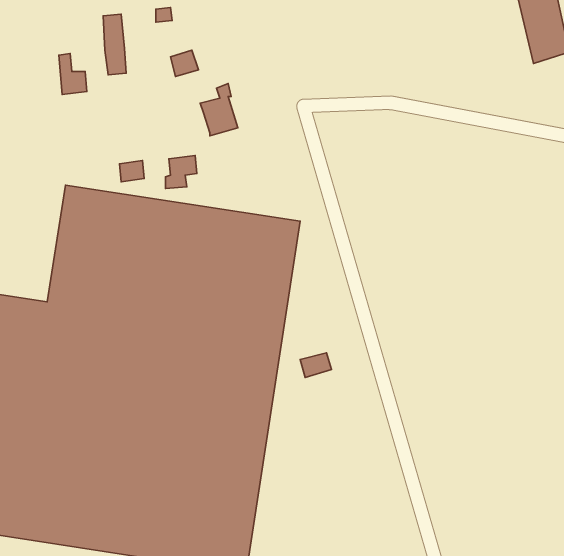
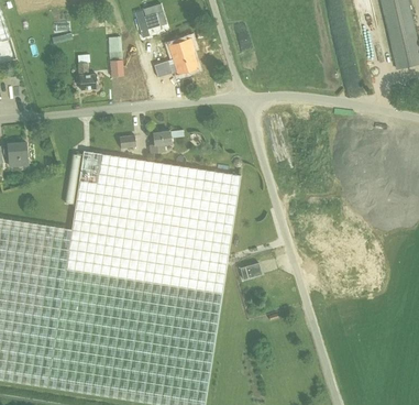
building: [200,83,238,136] -> [170,39,196,74]

